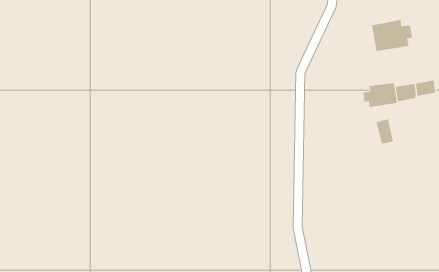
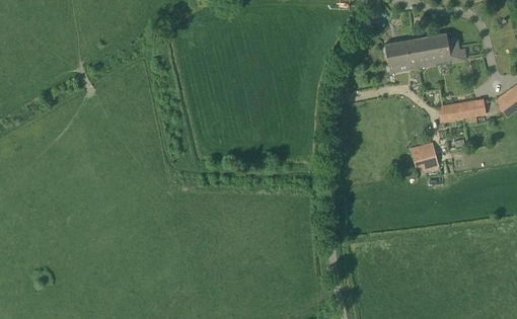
building: none -> [384,38,419,70]
building: [363,82,397,108] -> none

